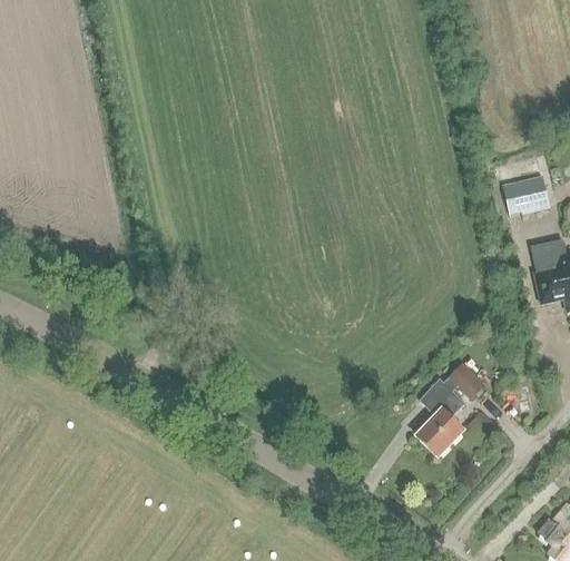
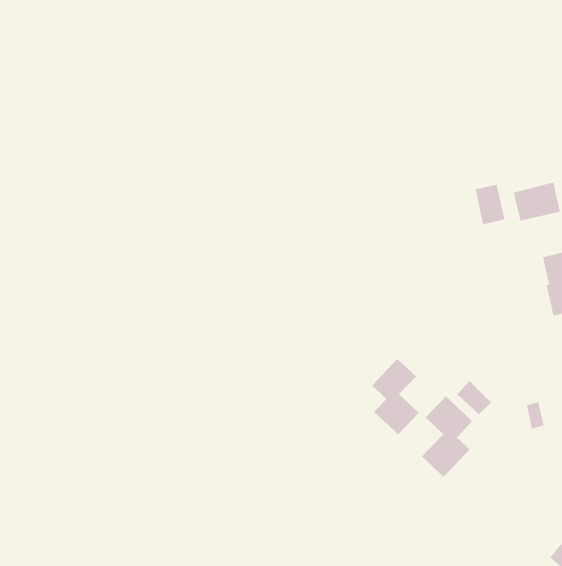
building: none -> [475,184,506,225]
building: none -> [371,358,420,435]

